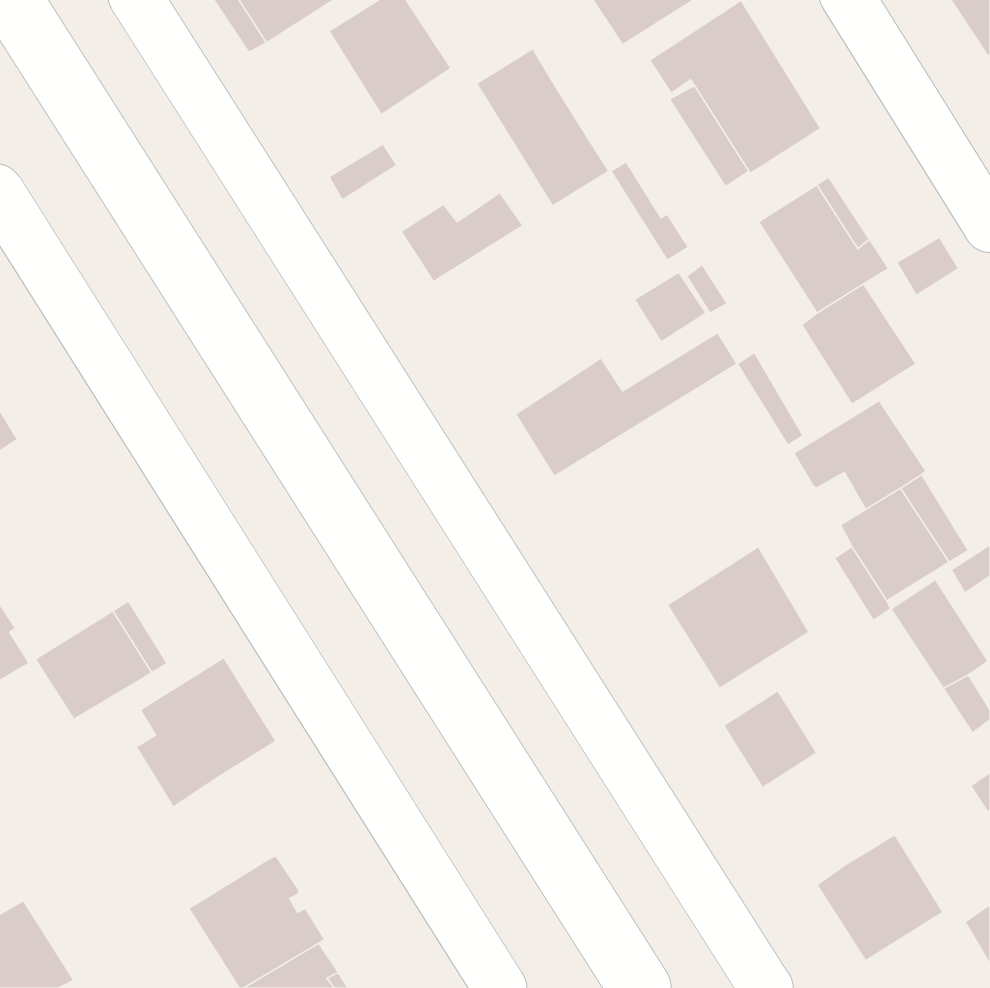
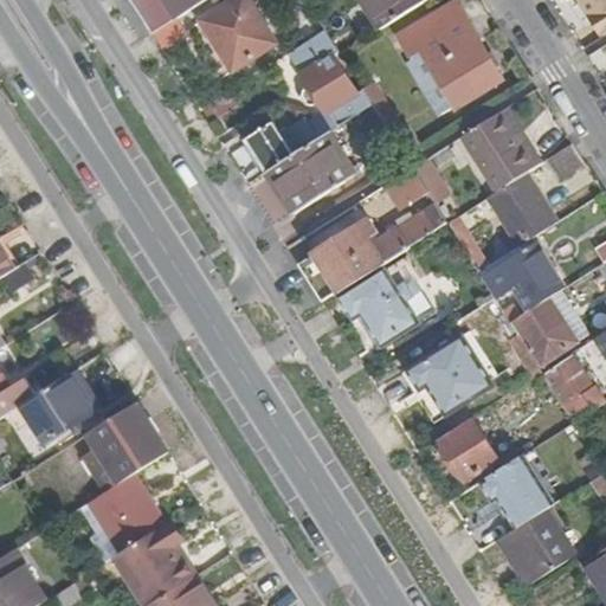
building: none -> [265,131,353,211]
building: none -> [340,260,417,343]
building: none -> [479,452,553,527]
building: none -> [83,472,165,549]

